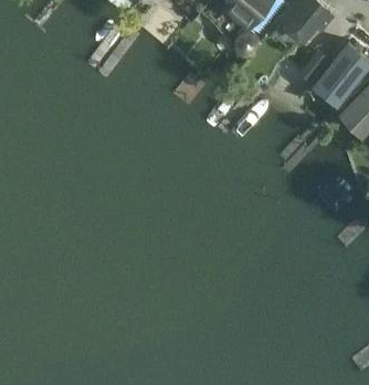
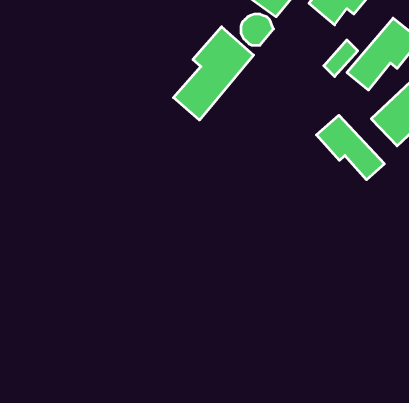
building: none -> [173,27,254,120]
building: none -> [316,115,384,180]

